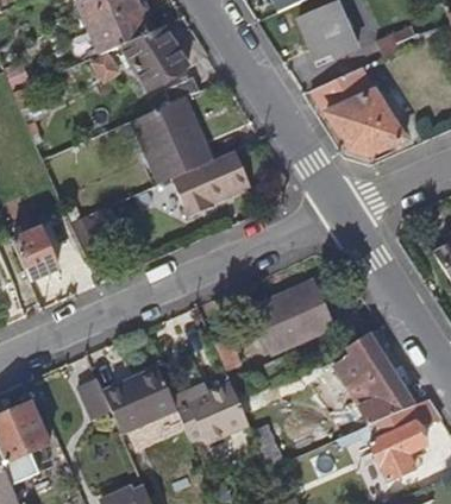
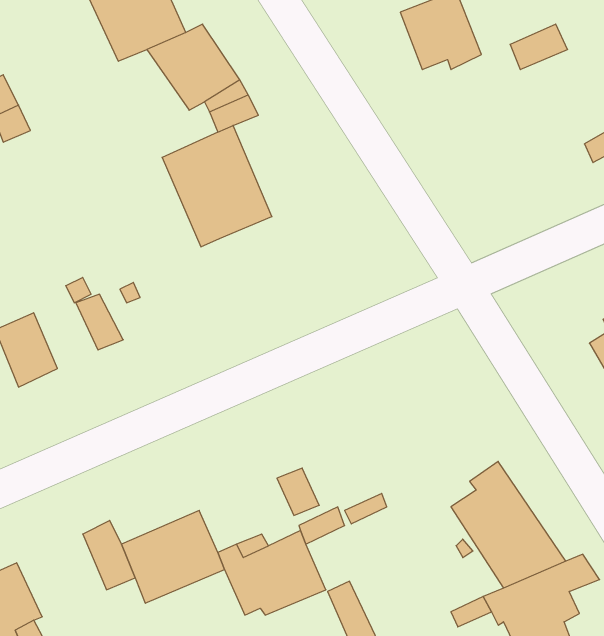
building: [312,68,409,156] -> none
building: [173,151,250,216] -> none
building: [249,279,333,354] -> none

